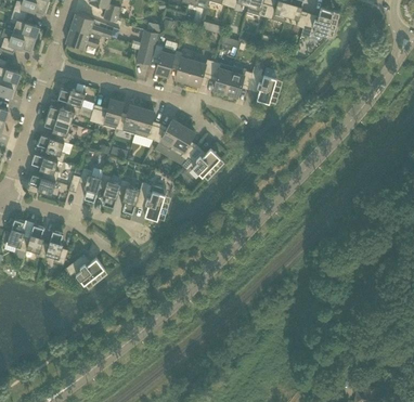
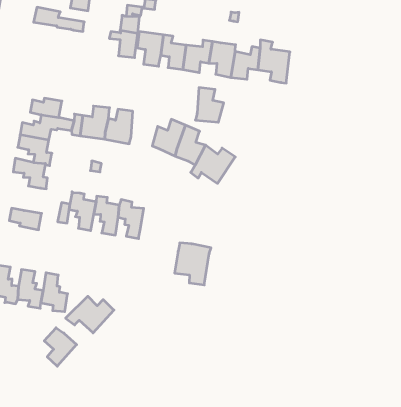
building: [66,26,101,50] -> none
building: [135,109,160,140] -> [195,88,224,122]
building: [31,154,60,182] -> none
building: [134,183,167,220] -> [175,243,211,285]
building: none -> [44,328,77,366]

